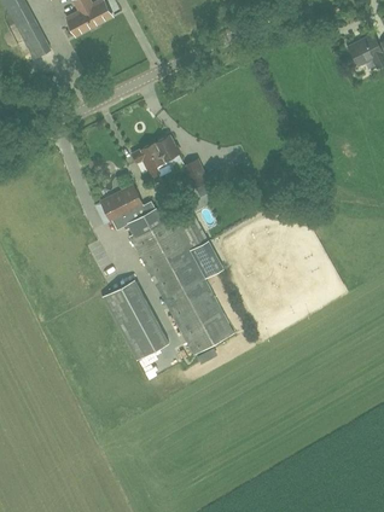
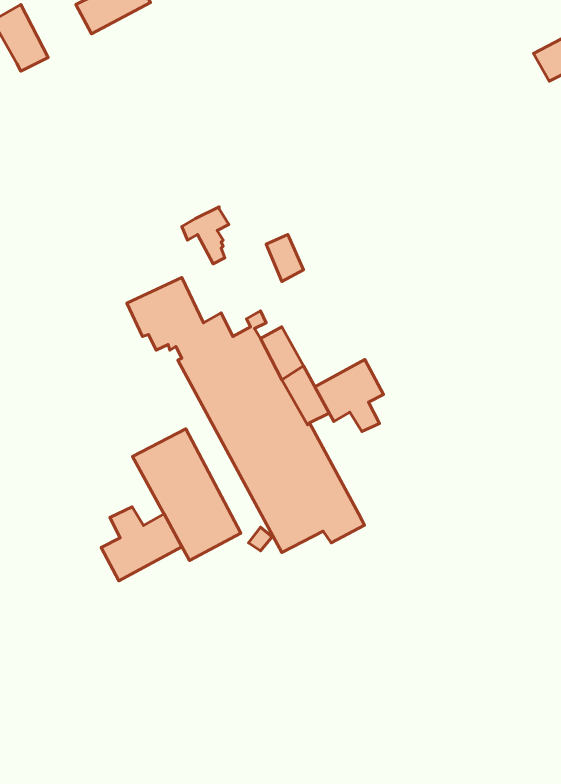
building: [153,135,181,175] -> none
building: none -> [315,360,384,432]
building: none -> [101,507,182,581]

